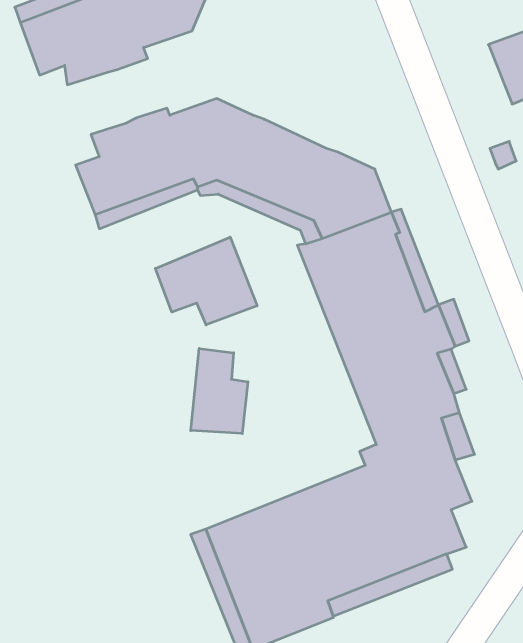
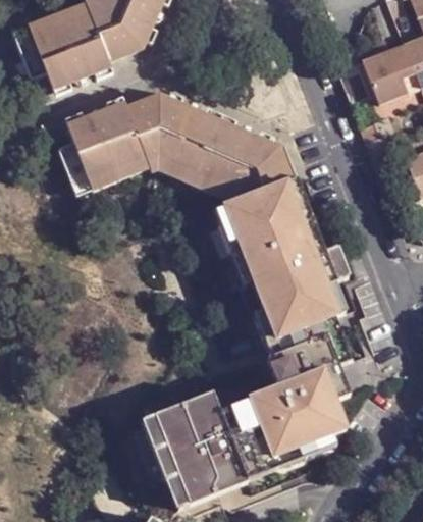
building: [155,237,257,325] -> none
building: [191,348,248,434] -> none

